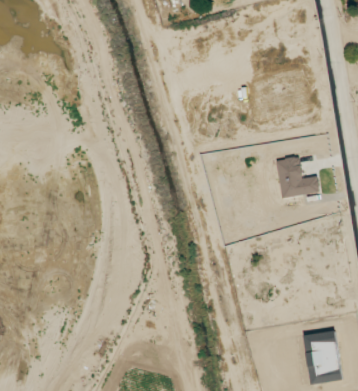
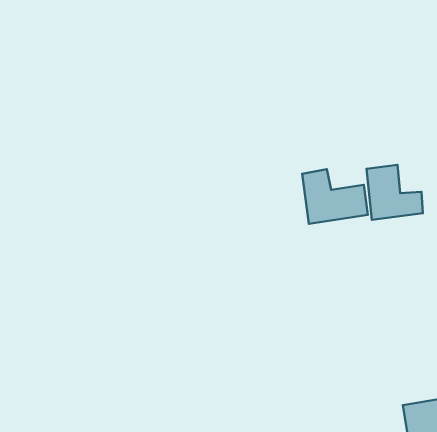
building: none -> [302,169,368,224]

